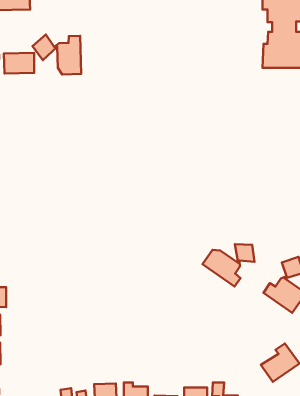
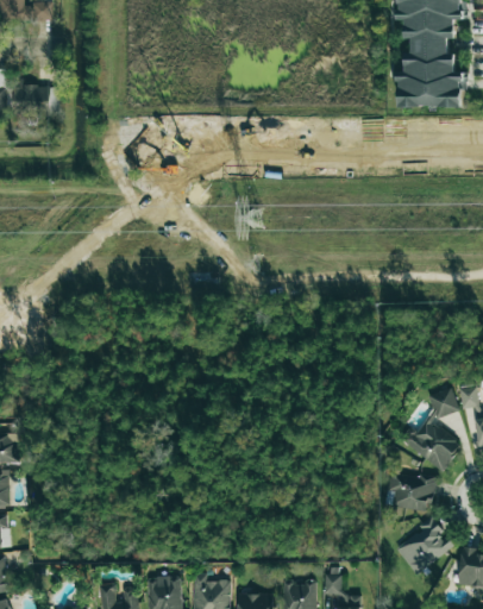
building: [33,34,81,74] -> none
building: [203,244,255,286] -> none
building: none -> [387,472,434,511]

